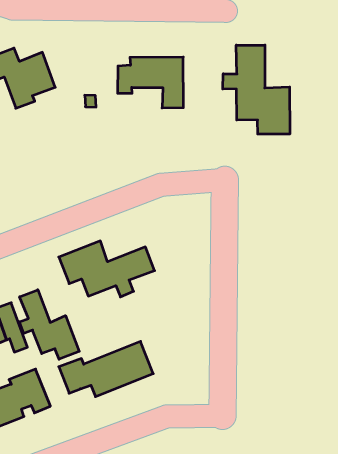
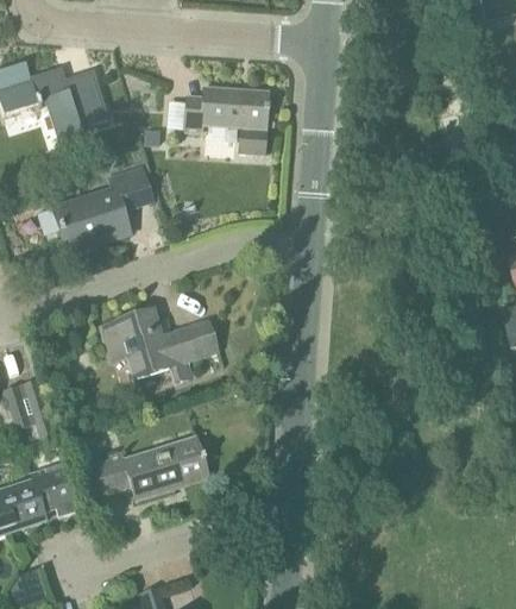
building: [223,45,290,134] -> none
building: none -> [55,167,152,251]
building: [20,290,79,359] -> none

